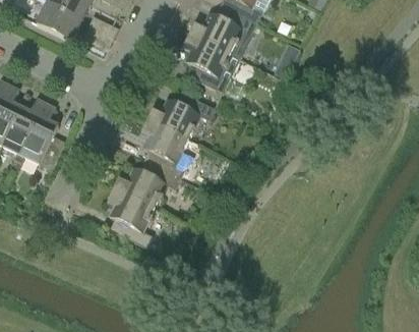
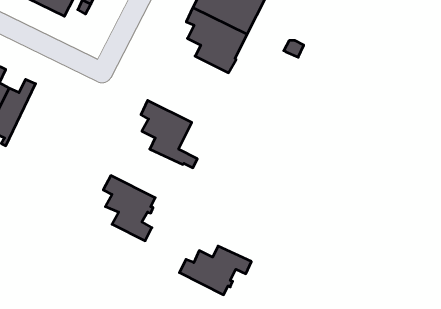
building: [147,92,215,137] -> none
building: [17,102,64,168] -> none
building: [114,162,180,207] -> [179,246,251,295]

